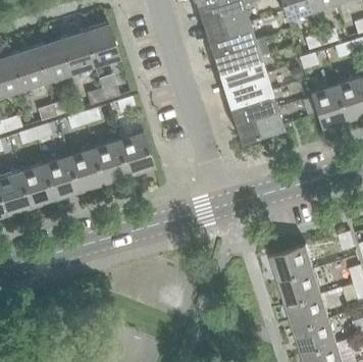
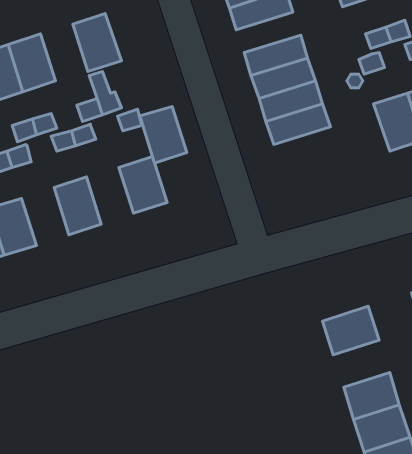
building: [206,23,255,54] -> none
building: [58,33,94,75] -> none
building: [235,110,282,141] -> none
building: [93,141,128,184] -> [140,107,187,163]
building: [44,156,80,200] -> none
building: [279,271,322,307] -> none

